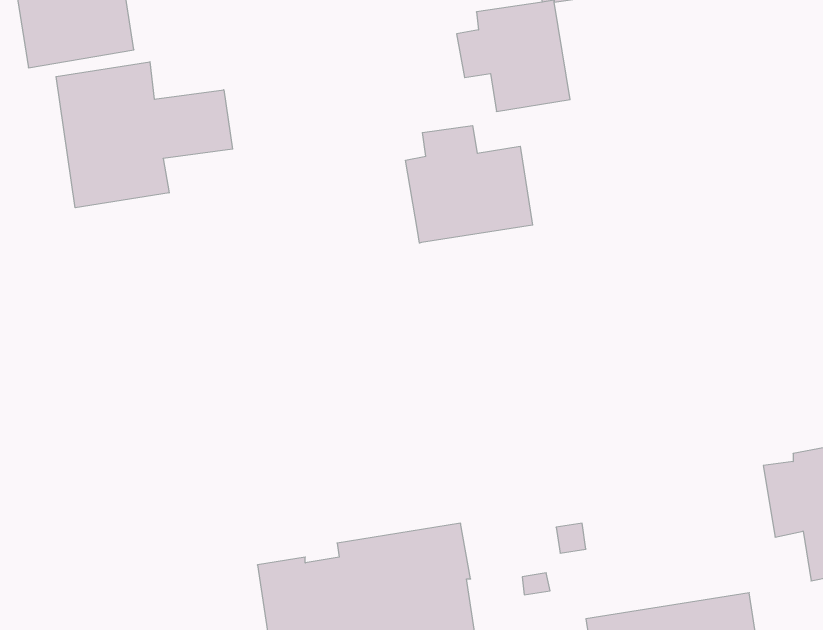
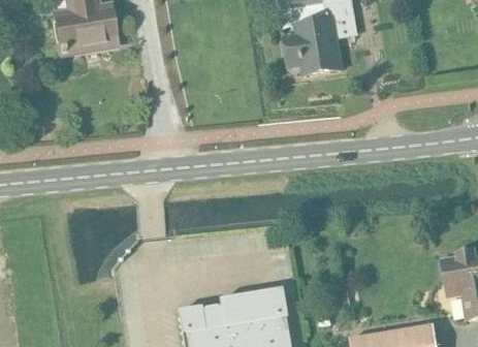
building: [56,62,233,208] -> none
building: [406,126,533,243] -> none

